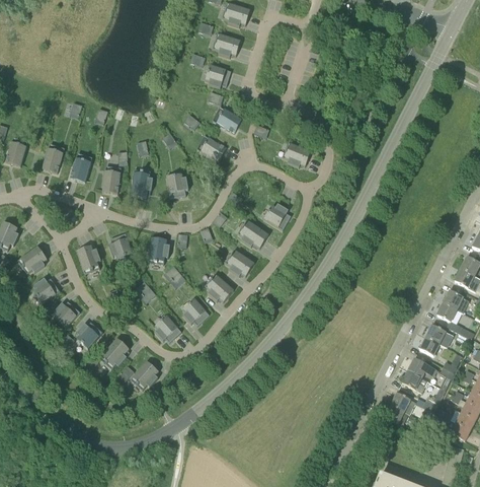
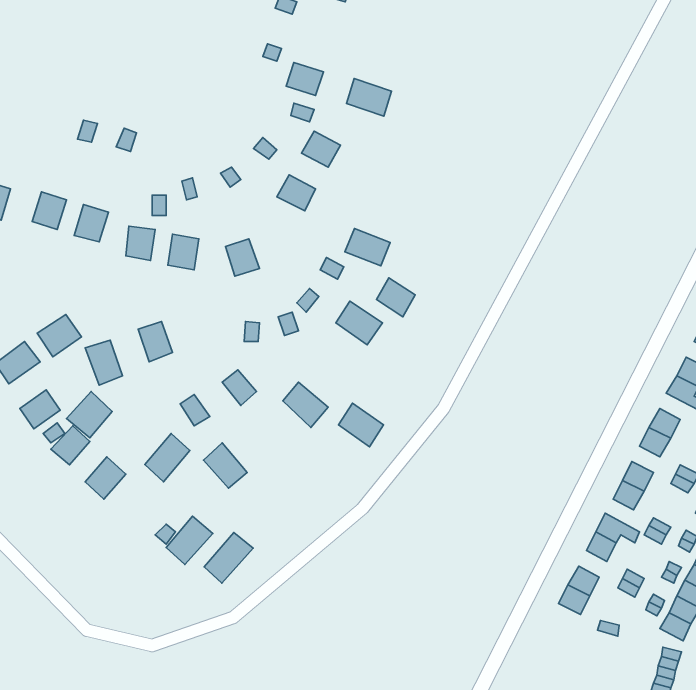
building: [212,31,241,56] -> [346,79,392,116]
building: [282,141,311,165] -> [345,229,390,266]
building: none -> [37,315,82,357]
building: [148,236,167,263] -> none
building: [225,248,254,276] -> [338,403,384,447]
building: none -> [66,391,112,438]
building: [180,295,210,325] -> none
building: [99,337,129,368] -> [145,433,190,482]
building: none -> [204,532,253,583]

